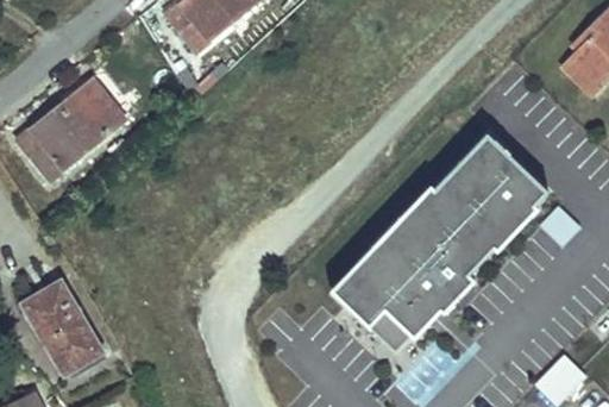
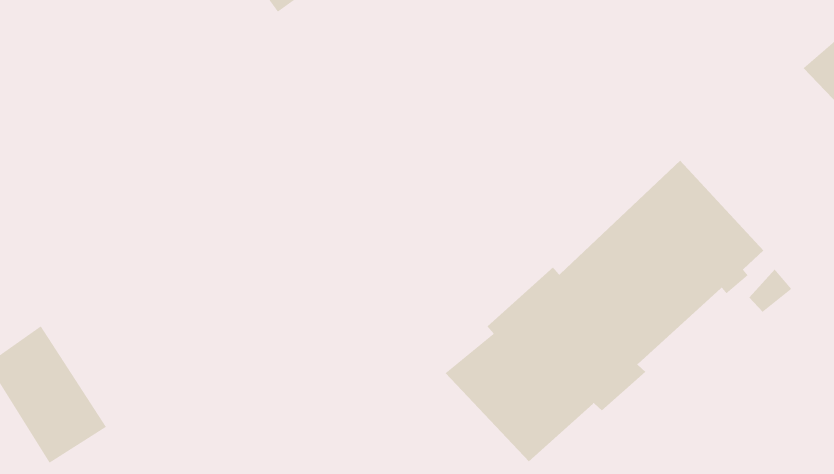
building: [23,80,123,174] -> none

